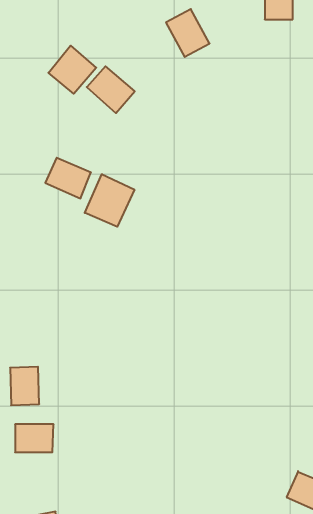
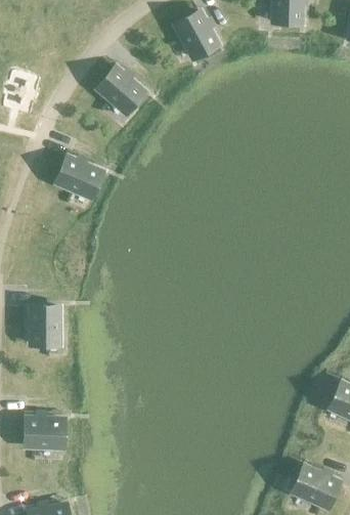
building: [48,46,96,94] -> none
building: [85,174,134,227] -> none
building: [10,367,39,405] -> [33,307,61,345]

